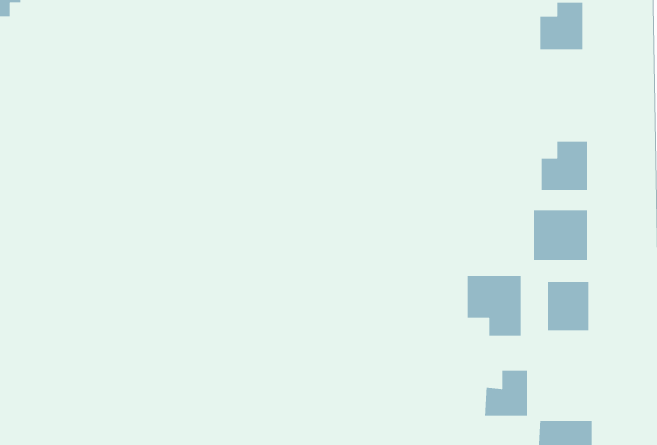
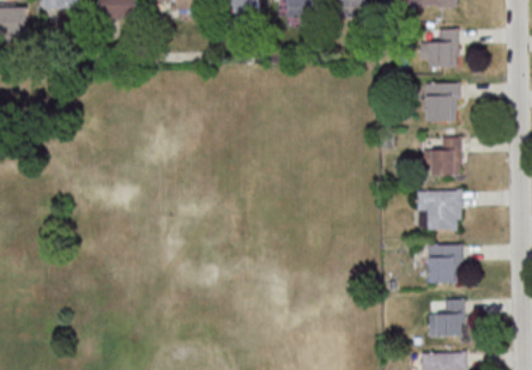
building: none -> [427,83,459,121]
building: [467,275,521,336] -> none
building: [484,370,528,417] -> [429,299,463,335]

